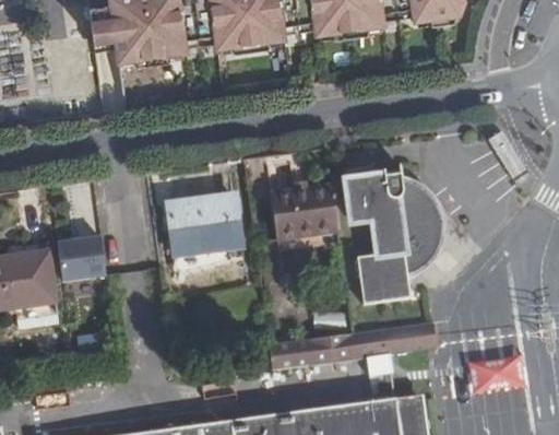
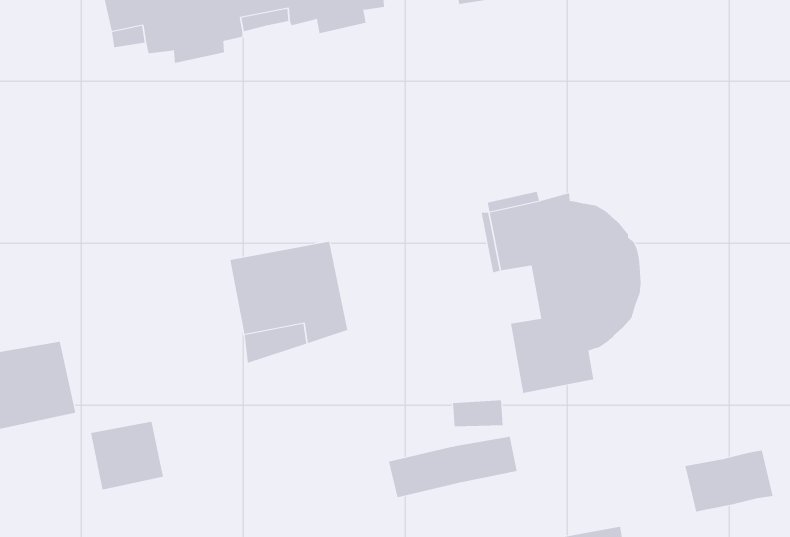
building: [271,184,336,239] -> none
building: [58,237,106,282] -> [90,421,164,490]
building: [350,322,436,358] -> none

